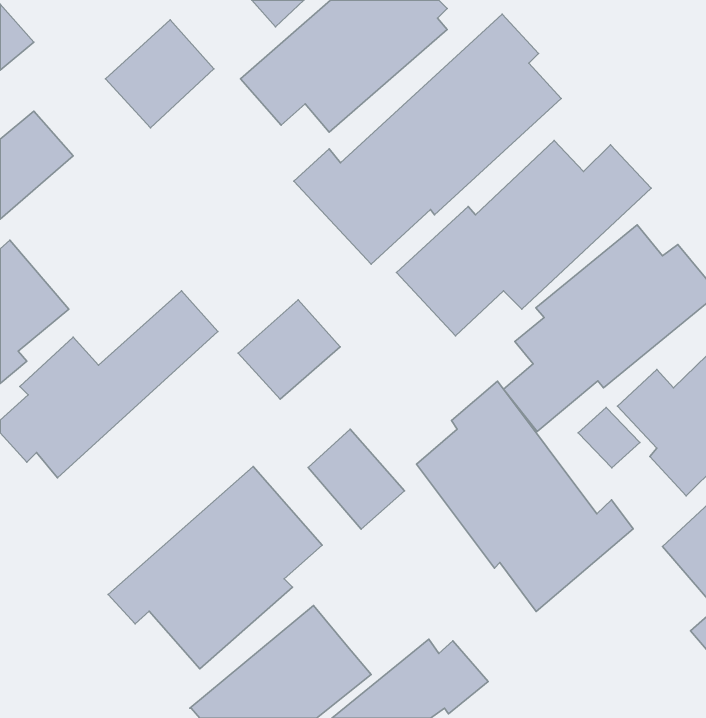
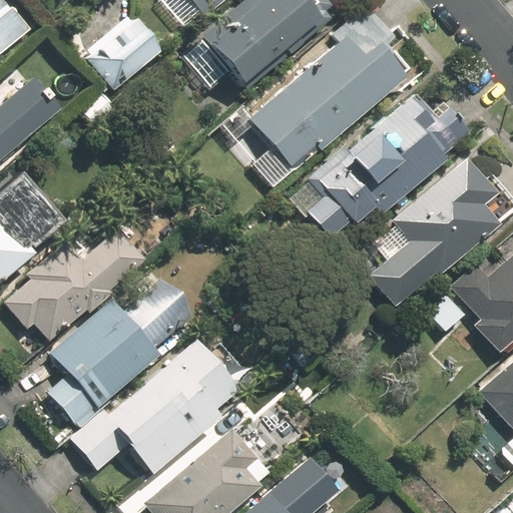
building: [238,300,340,399] -> none
building: [417,381,633,611] -> none
building: none -> [48,275,197,430]
building: [308,429,404,529] -> none

